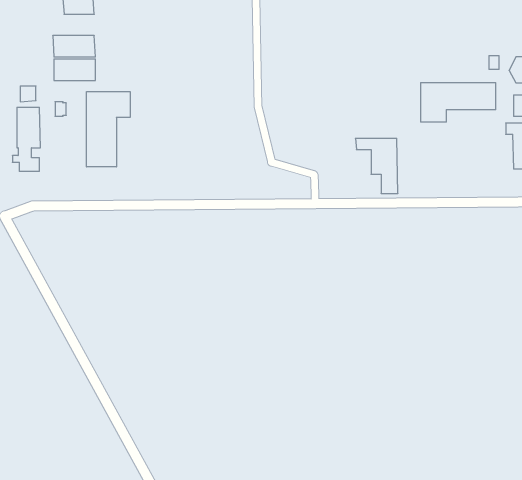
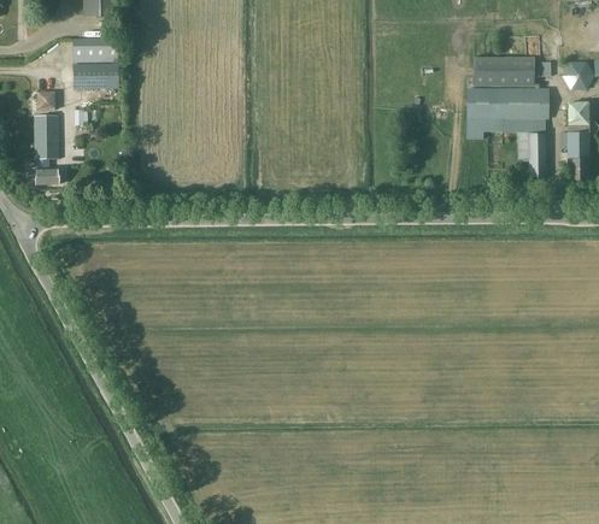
building: none -> [472,57,534,87]
building: [87,92,130,167] -> none
building: [355,138,398,193] -> [500,119,546,178]

